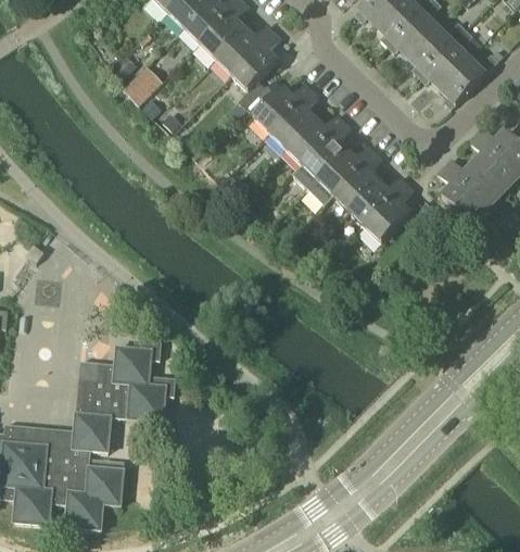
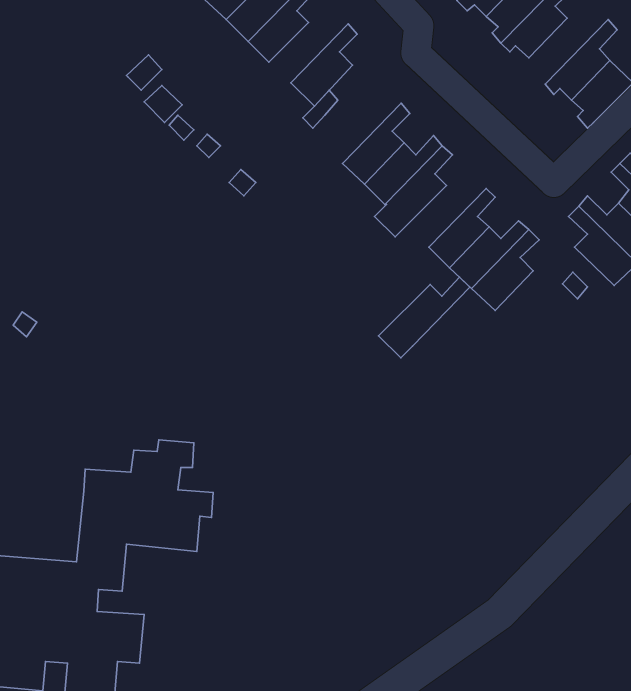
building: [407,21,466,75] -> none
building: [215,24,274,74] -> none
building: [253,83,313,134] -> none
building: [308,145,376,204] -> [379,277,470,358]

